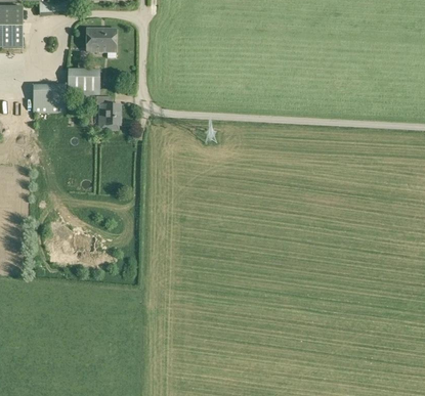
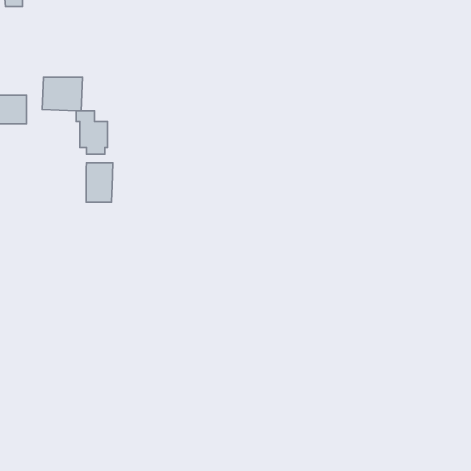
building: [80,25,115,54] -> none
building: none -> [86,163,113,202]

